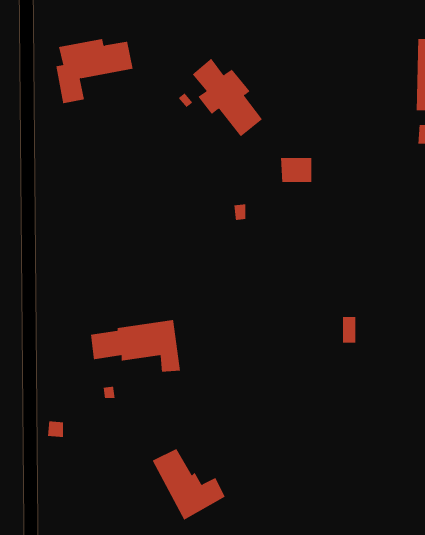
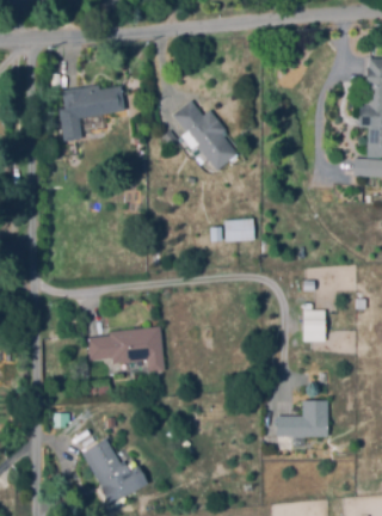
building: [280,157,312,182] -> [223,220,251,241]
building: none -> [277,400,327,436]
building: [152,448,225,520] -> [85,441,148,503]

